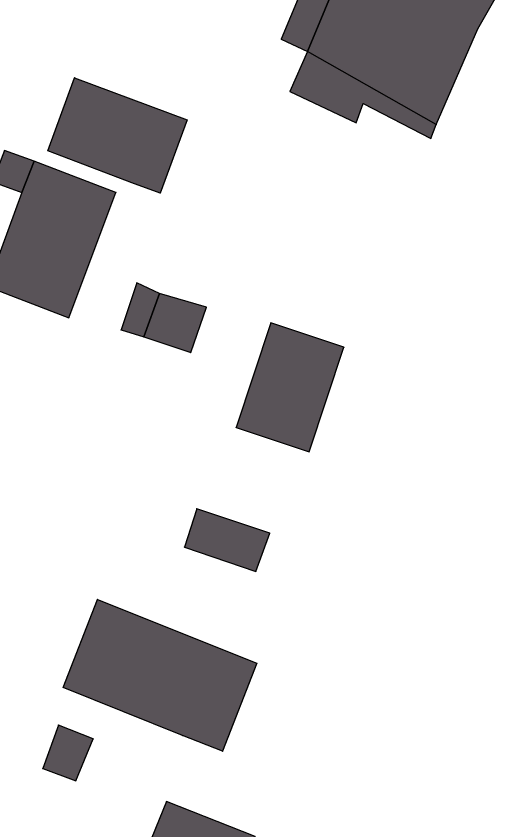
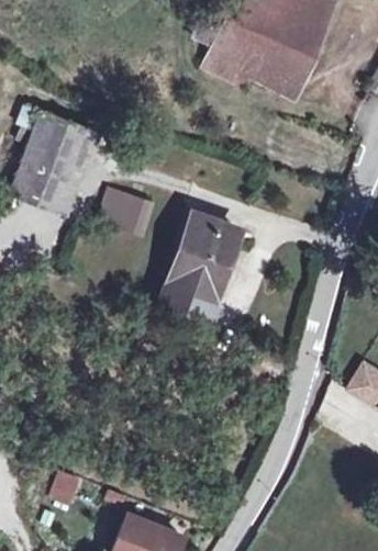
building: [48,78,187,193] -> none
building: [184,509,270,571] -> [162,280,215,319]
building: [63,599,257,751] -> none

